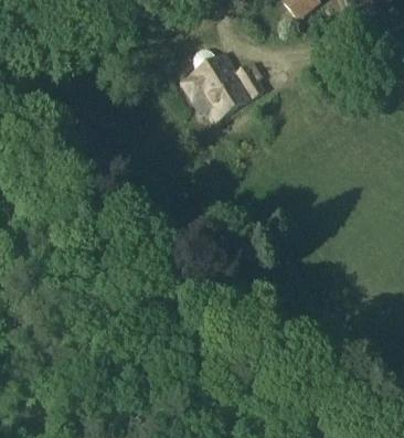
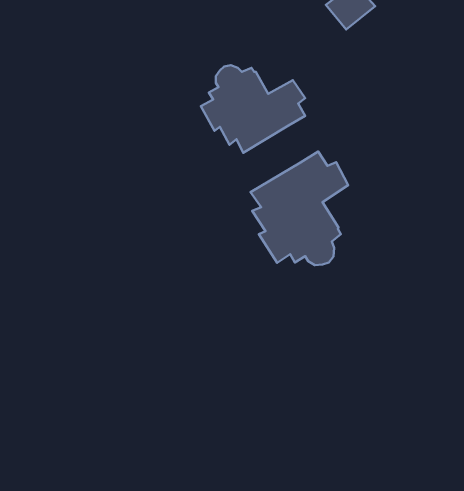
building: none -> [251,152,348,265]

